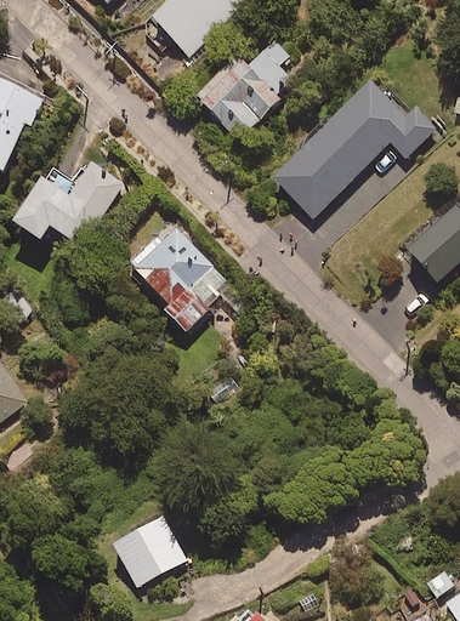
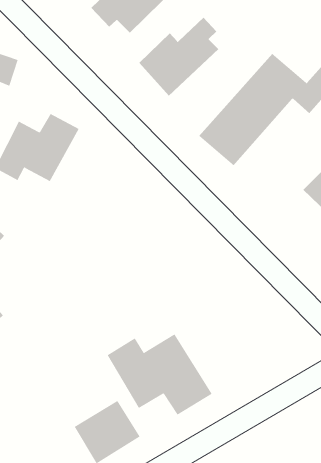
building: [131,223,222,337] -> none
building: none -> [107,334,213,416]

